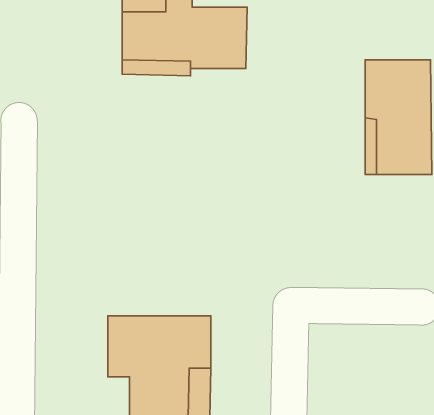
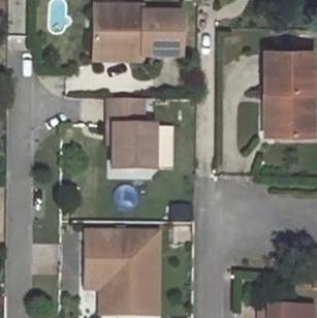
building: none -> [107,98,154,168]

